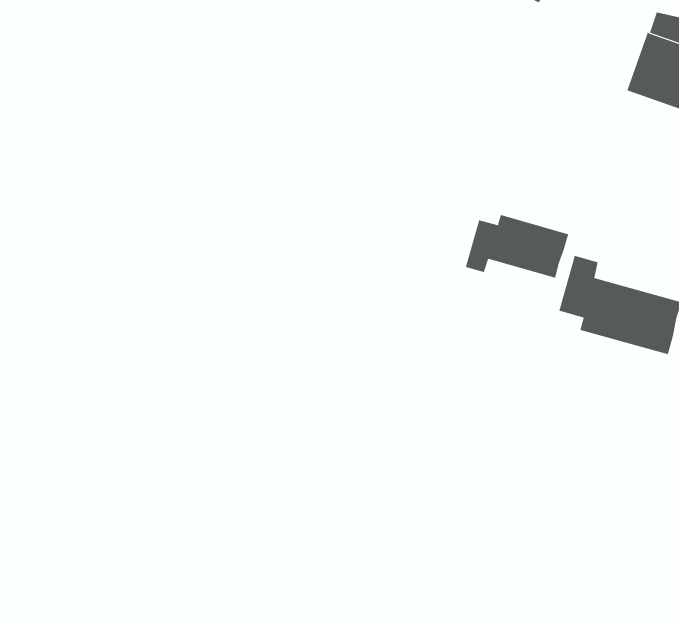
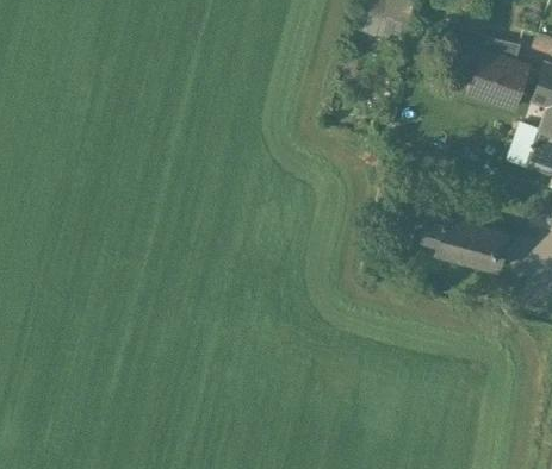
building: [465,214,569,279] -> none

